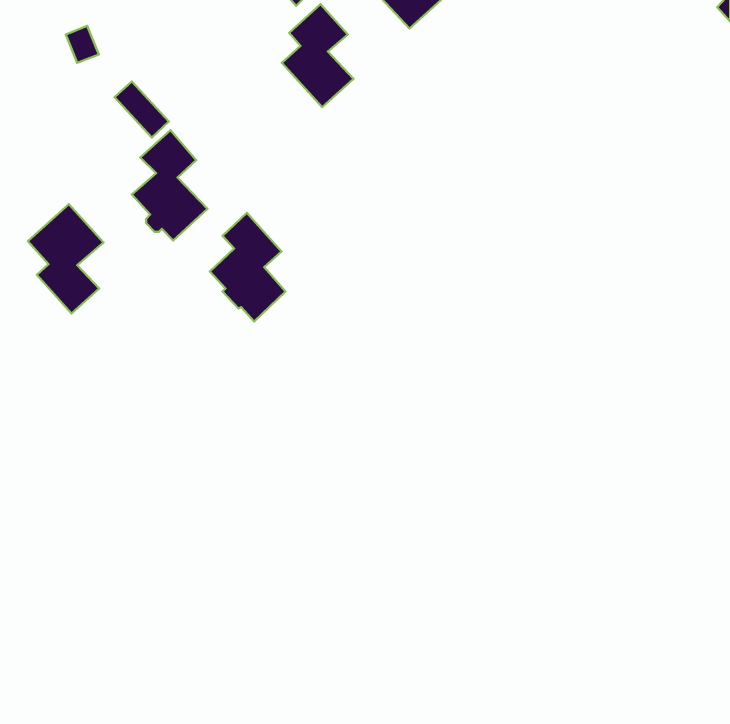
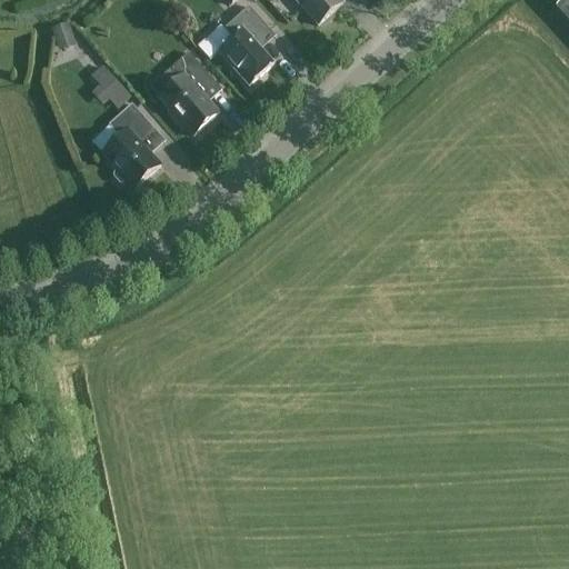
building: [28,204,104,313] -> none
building: [210,213,286,322] -> [160,49,219,133]

